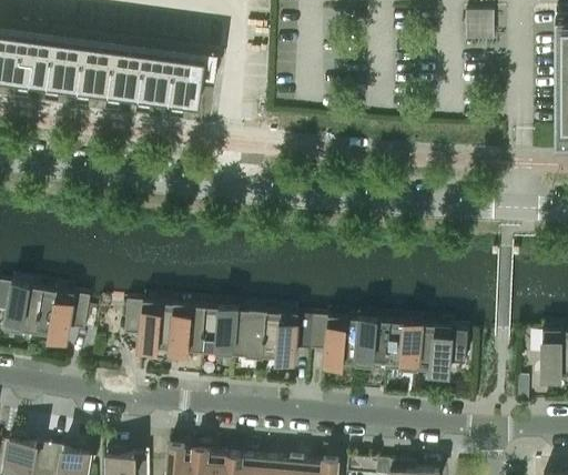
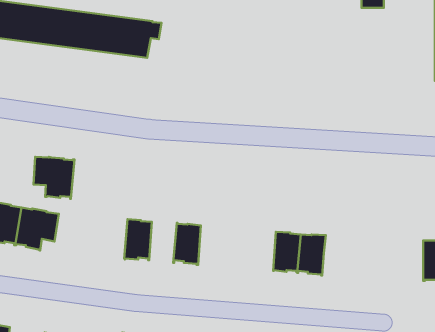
building: [124,301,175,353] -> [33,157,75,199]
building: [202,307,236,358] -> none
building: [263,312,298,364] -> none
building: [308,316,359,368] -> none
building: [417,324,468,376] -> none

